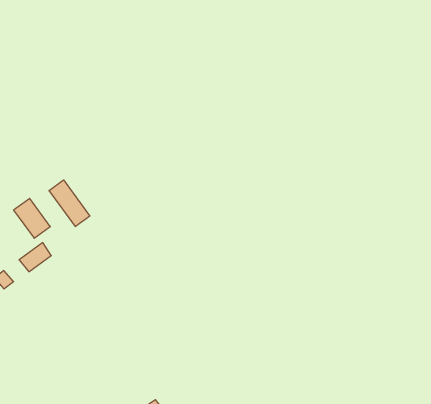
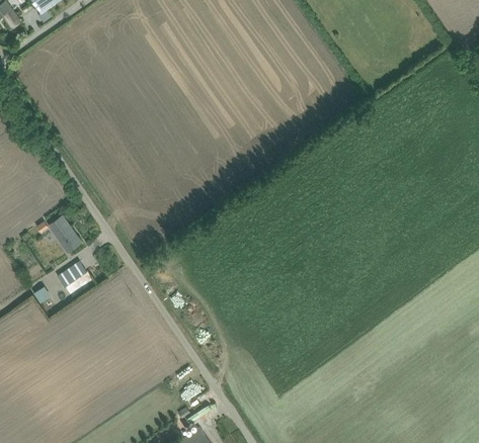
building: [49,180,90,227] -> none

